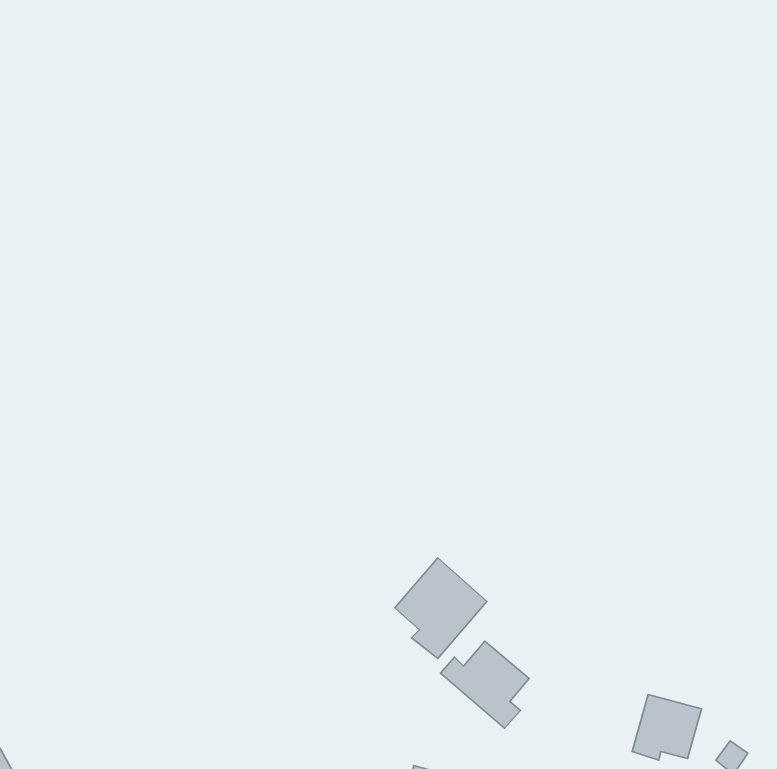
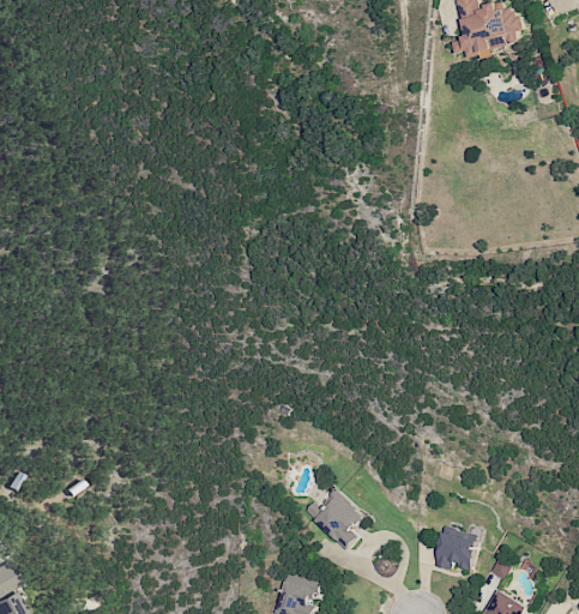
building: [395,558,487,658] -> none

